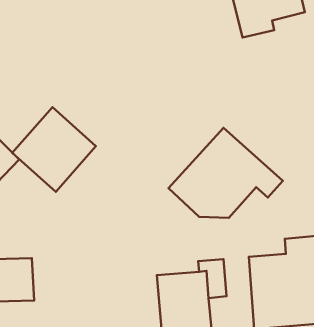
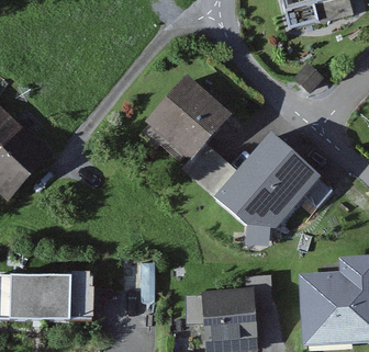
building: [12,107,96,192] -> [145,77,232,164]

